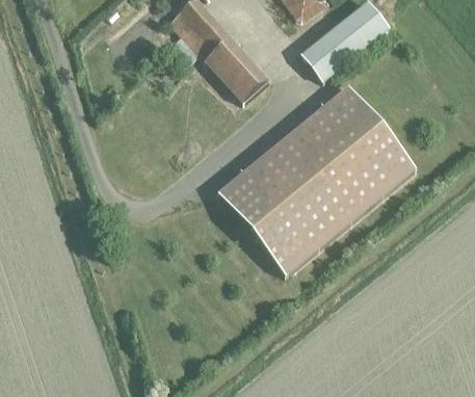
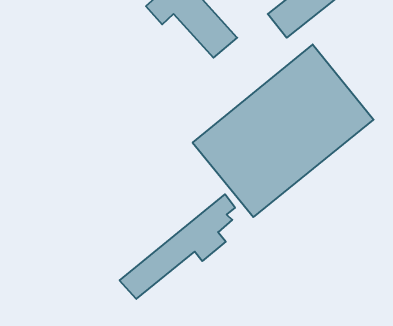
building: none -> [120,194,235,299]

